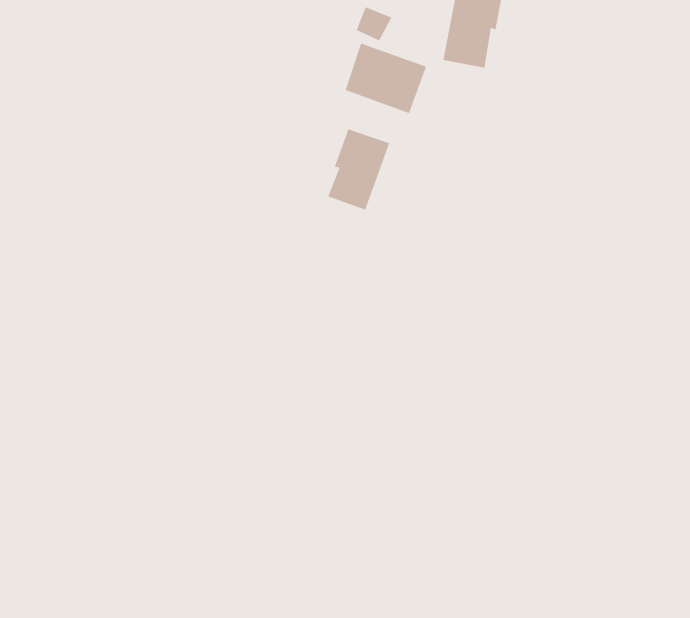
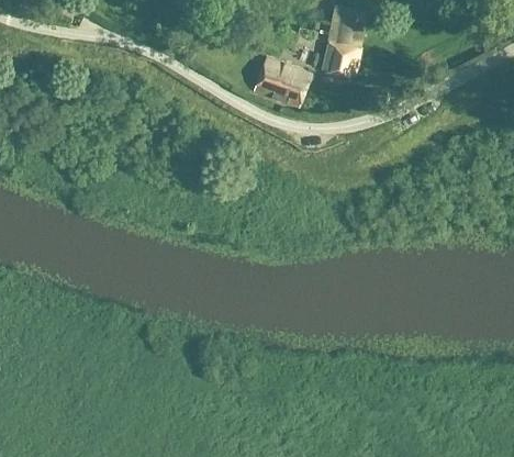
building: [327,129,390,211] -> none

